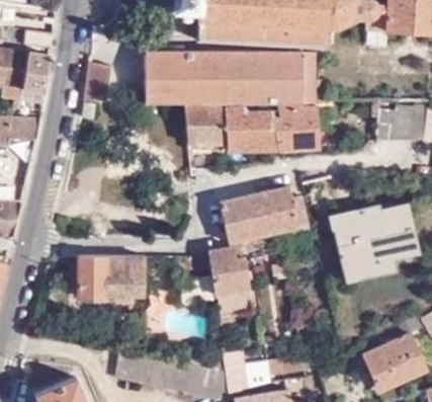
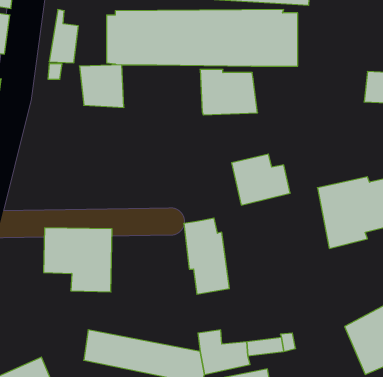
building: [185,107,227,147] -> [79,65,124,107]
building: [274,107,316,148] -> none
building: [221,194,263,241] -> none

